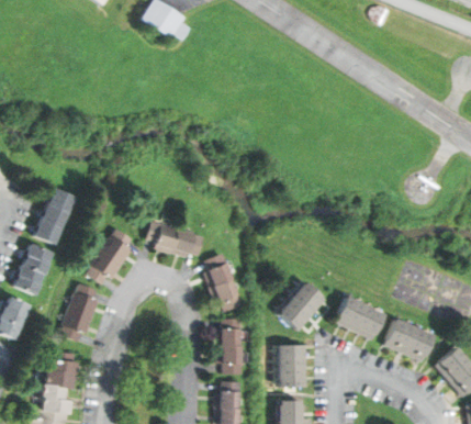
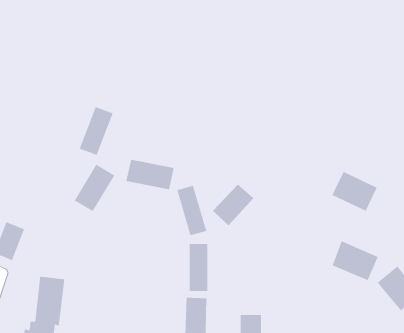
building: [35,187,75,243] -> [79,107,113,155]
building: [13,243,54,294] -> none
building: [278,281,326,330] -> [212,184,254,226]
building: [59,283,98,343] -> none
building: [334,294,386,341] -> [332,171,378,211]
building: [277,344,304,388] -> none

